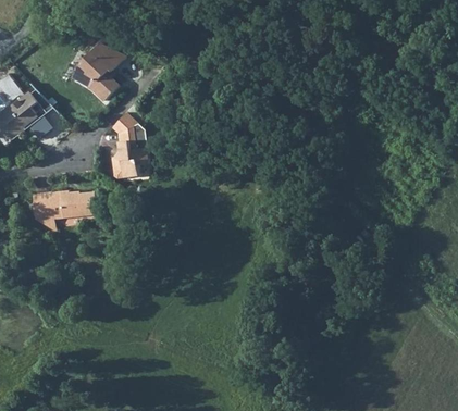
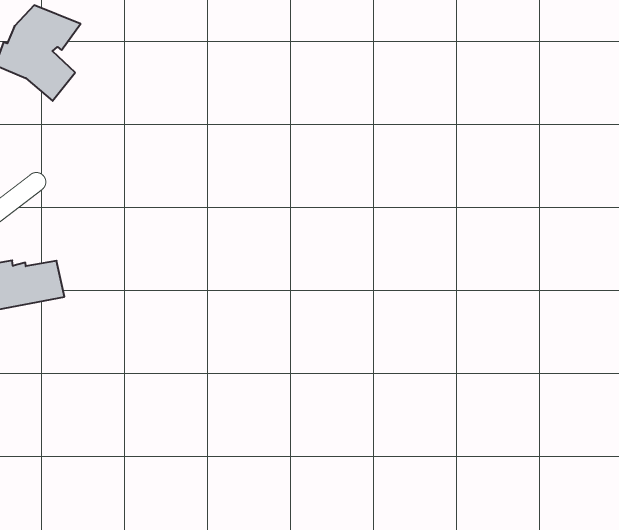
building: [111,112,146,177] -> none

